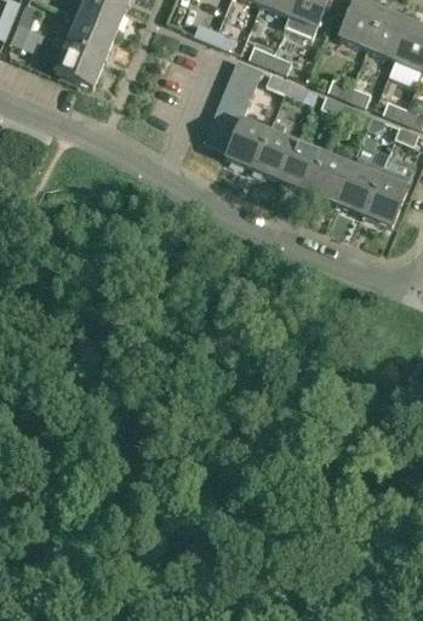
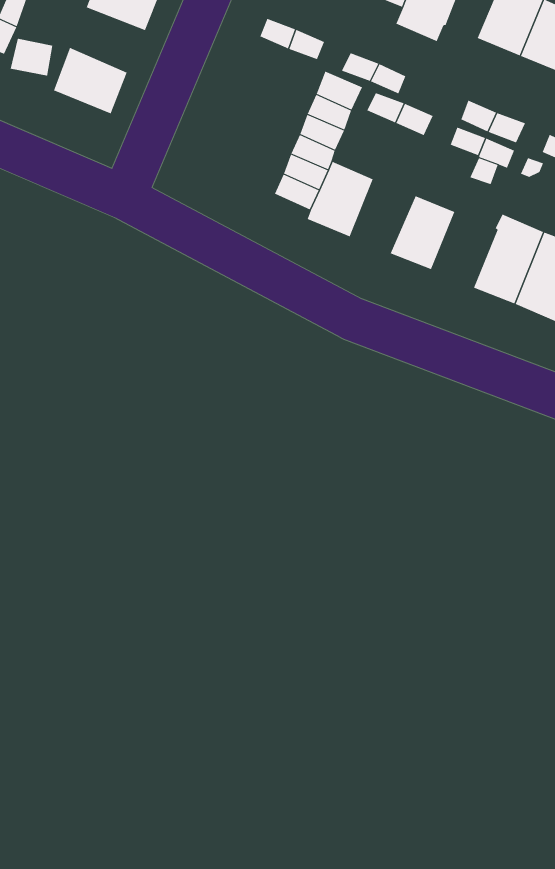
building: [67,15,118,58] -> none
building: [255,119,298,180] -> none
building: [309,152,353,203] -> none

